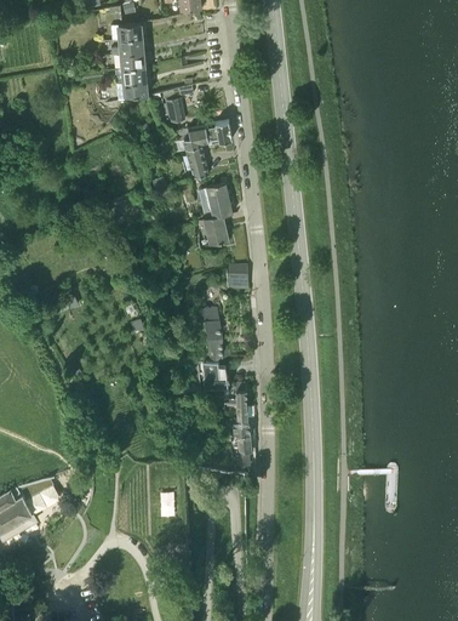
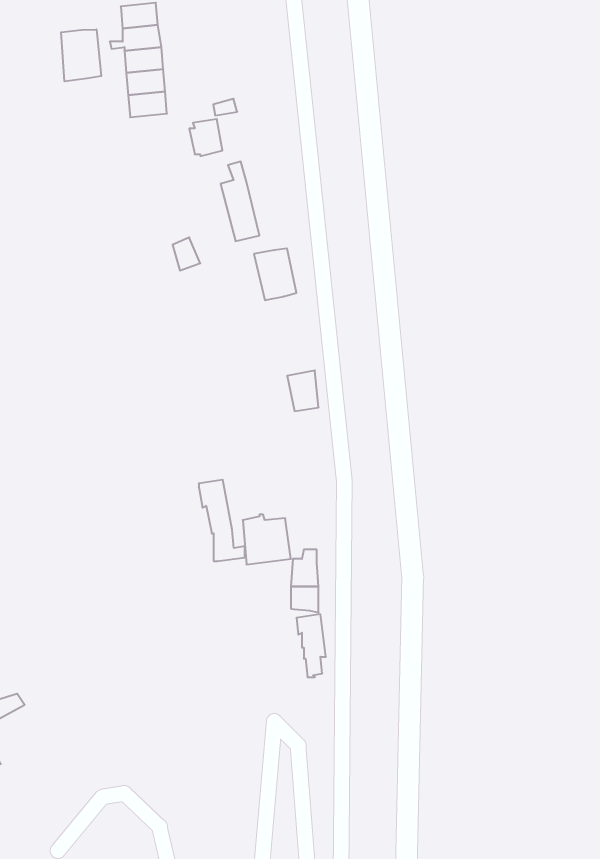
building: none -> [61,29,101,81]
building: [196,121,233,146] -> none
building: [202,216,229,247] -> none
building: [199,306,229,359] -> [199,480,245,561]

